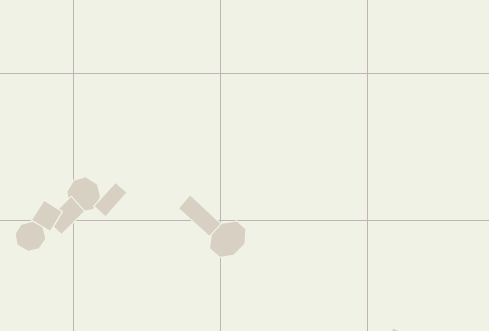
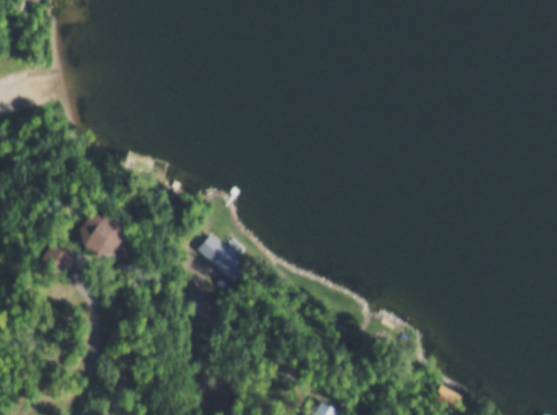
building: [209,221,246,258] -> none
building: [15,221,46,251] -> none

